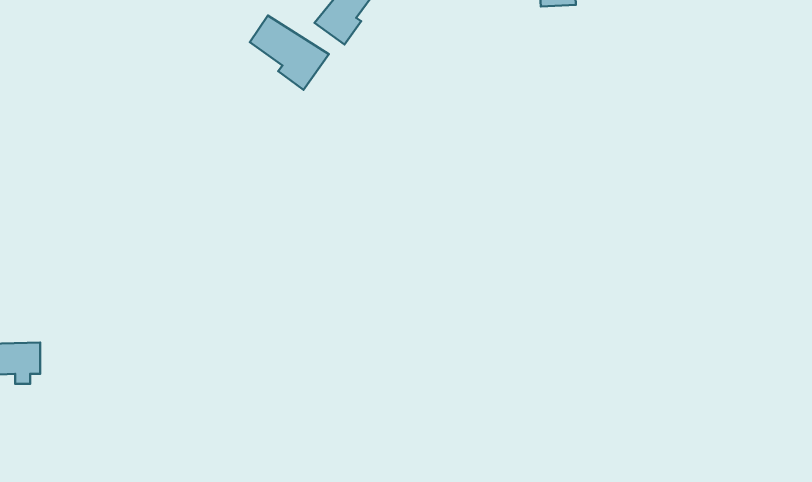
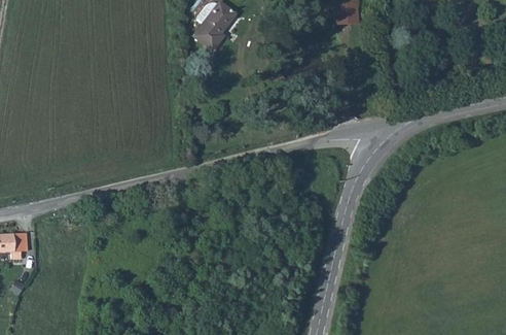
building: [250,15,329,90] -> none

